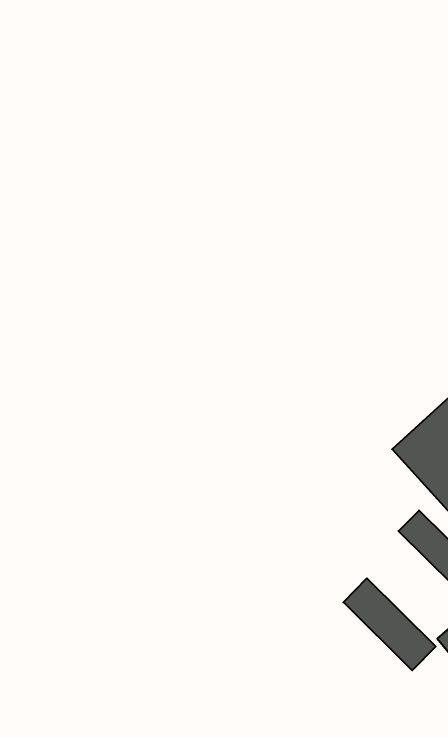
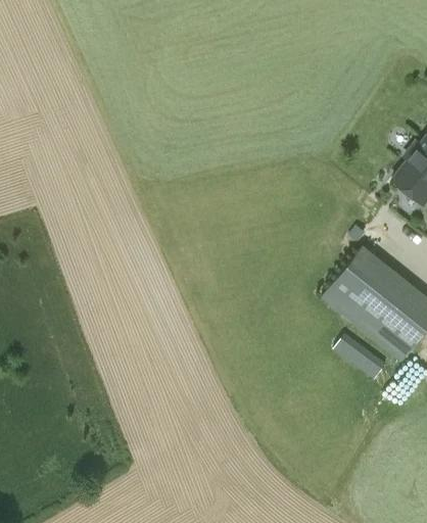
building: [343,578,436,670] -> none

